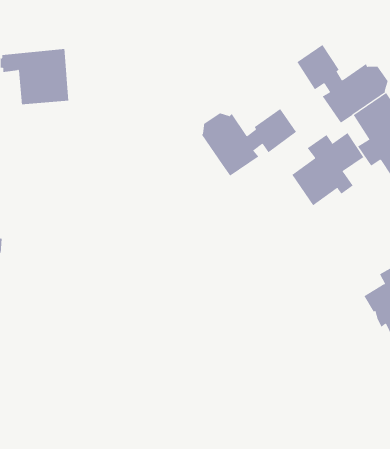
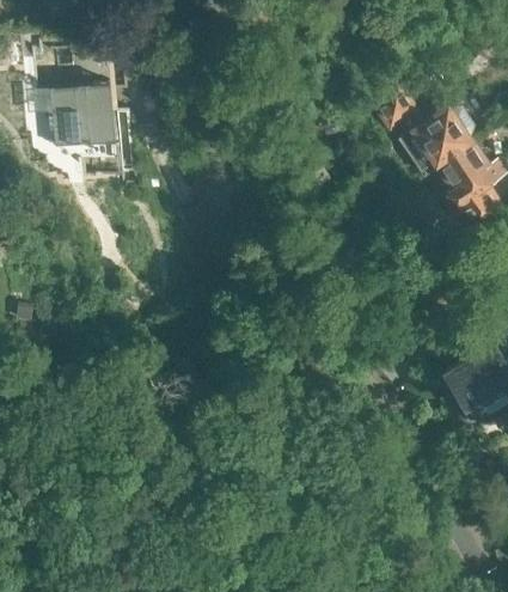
building: [201,108,297,177] -> none
building: [291,132,364,206] -> none

